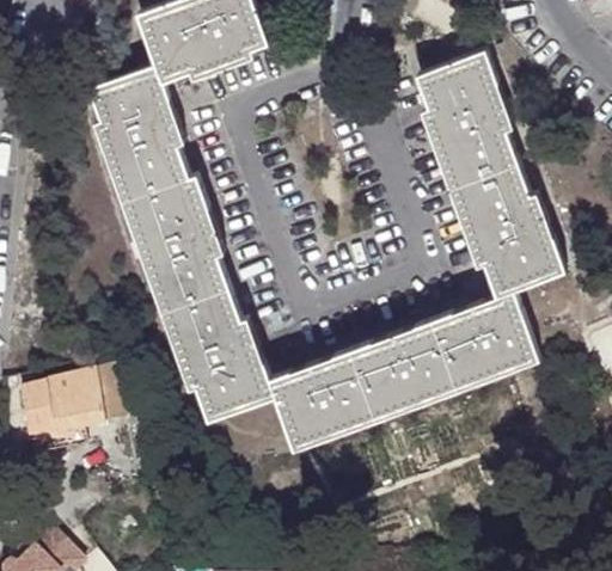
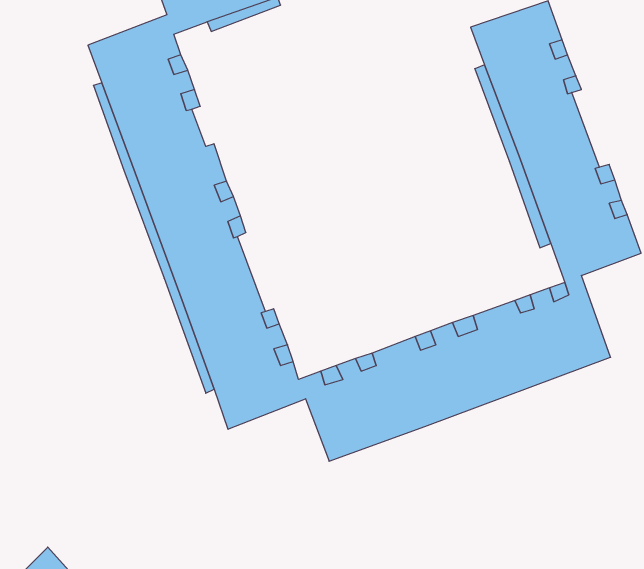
building: [22,366,124,436] -> none

